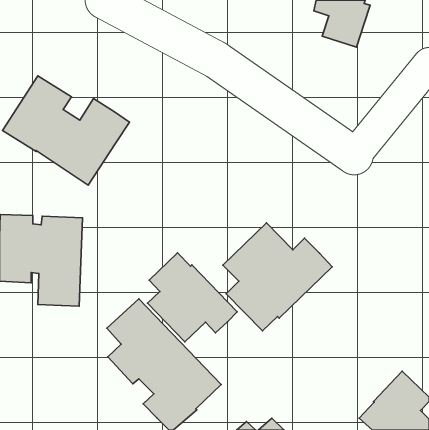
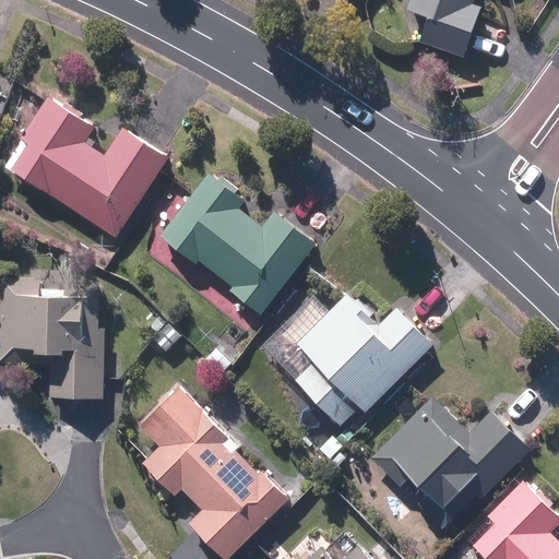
building: none -> [157,174,316,316]
building: [147,253,237,342] -> none
building: none -> [371,397,531,532]

